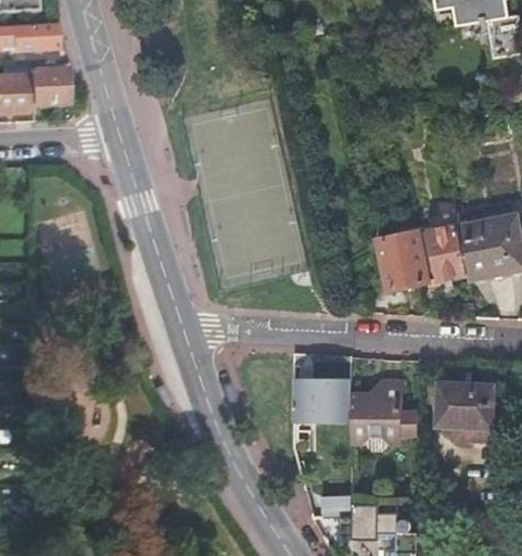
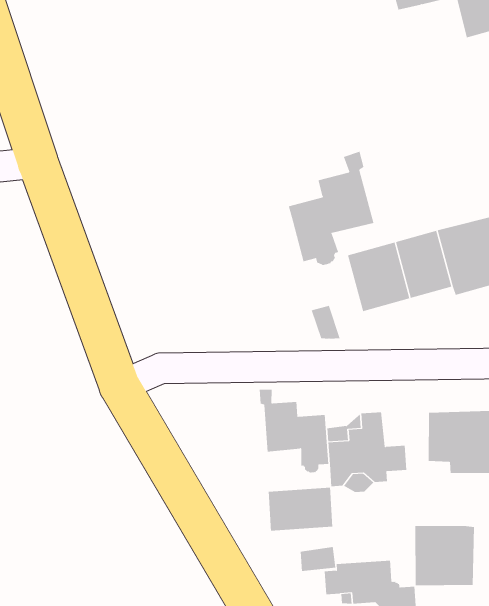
building: none -> [288,151,374,266]
building: none -> [268,487,333,532]
building: none -> [415,525,475,586]

